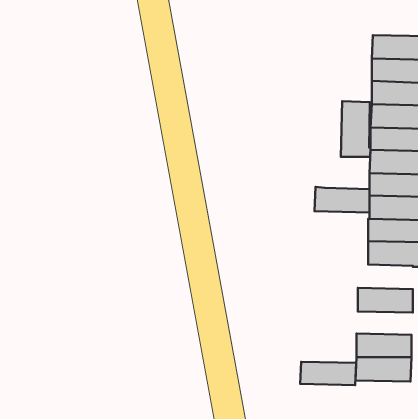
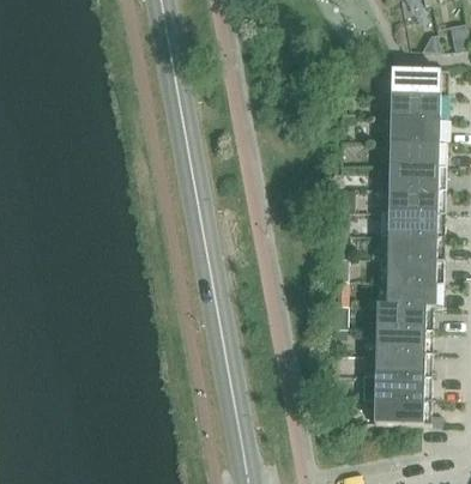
building: [341,101,371,157] -> none
building: [314,187,369,212] -> [374,302,430,328]
building: [300,362,356,385] -> [373,351,430,375]

